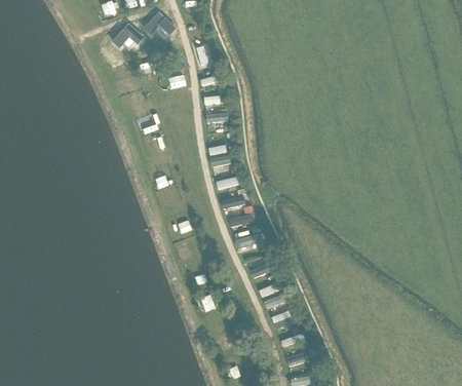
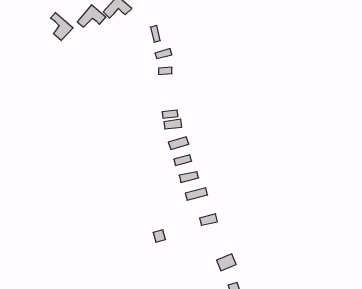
building: none -> [50,12,73,41]

